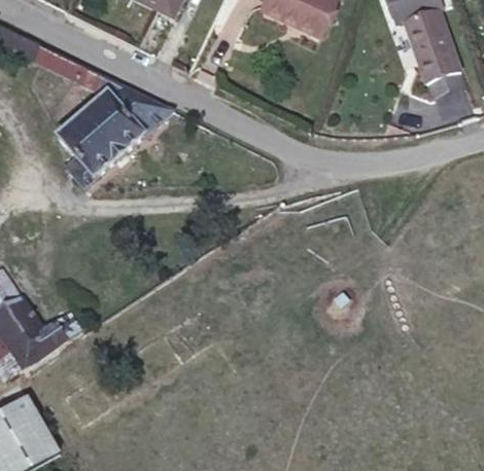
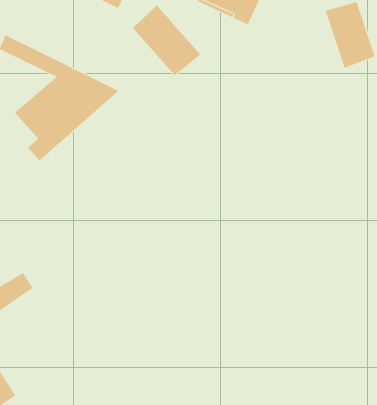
building: none -> [132,4,201,76]

